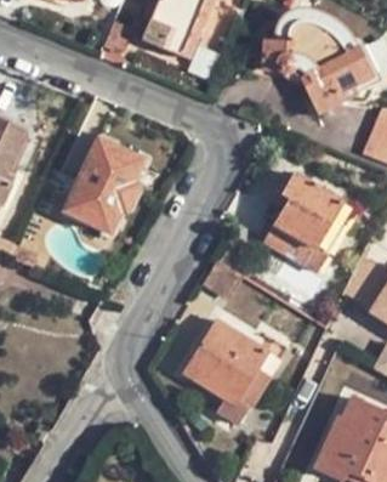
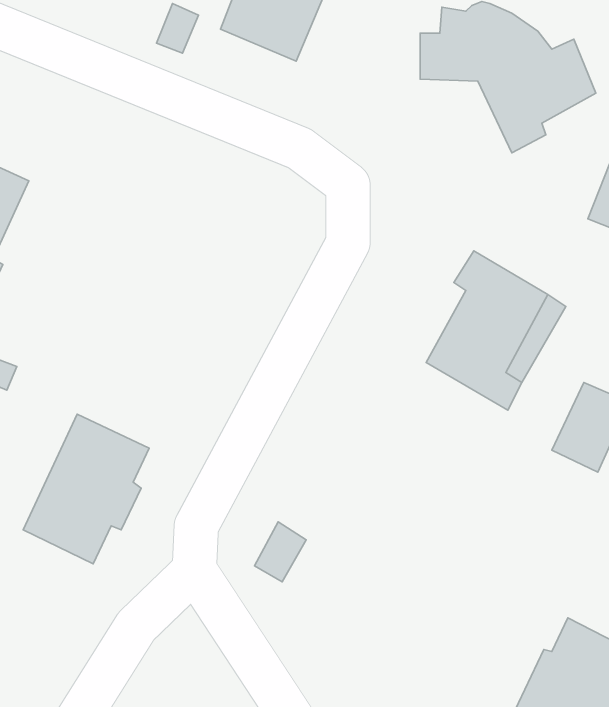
building: [67,140,143,231] -> [23,414,149,564]
building: [184,321,286,424] -> none

